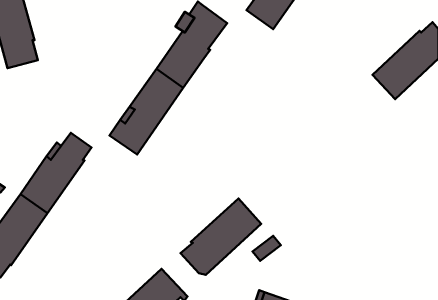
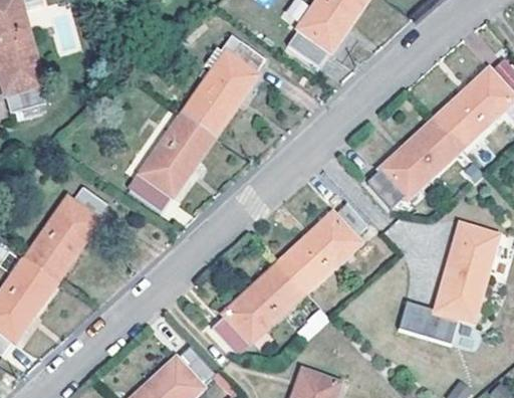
building: none -> [367,120,460,206]
building: none -> [278,202,367,292]
building: none -> [399,223,497,343]

